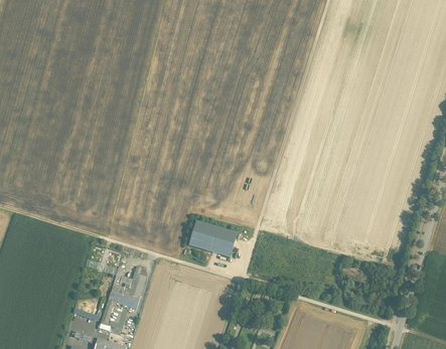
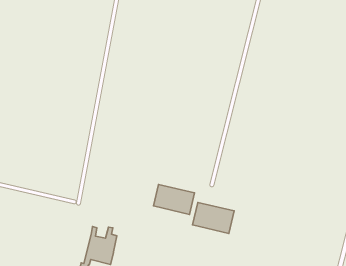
building: none -> [192,202,234,234]

